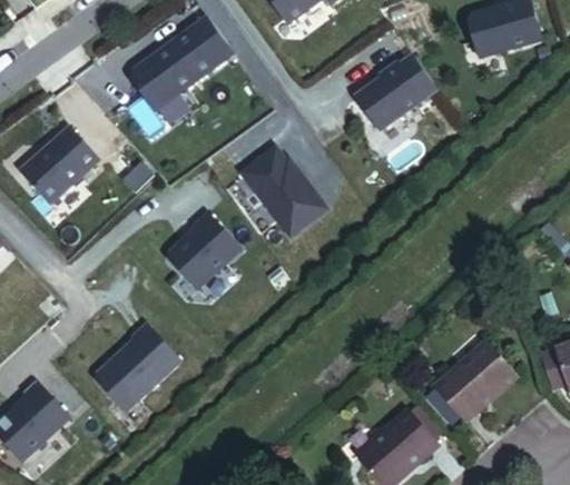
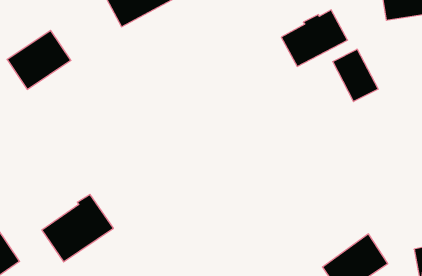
building: none -> [333,49,378,102]
building: [239,142,332,241] -> none
building: [164,215,239,291] -> none

